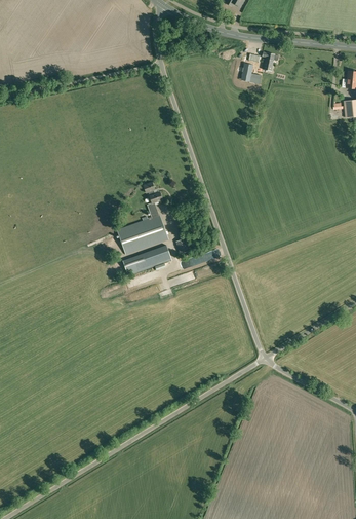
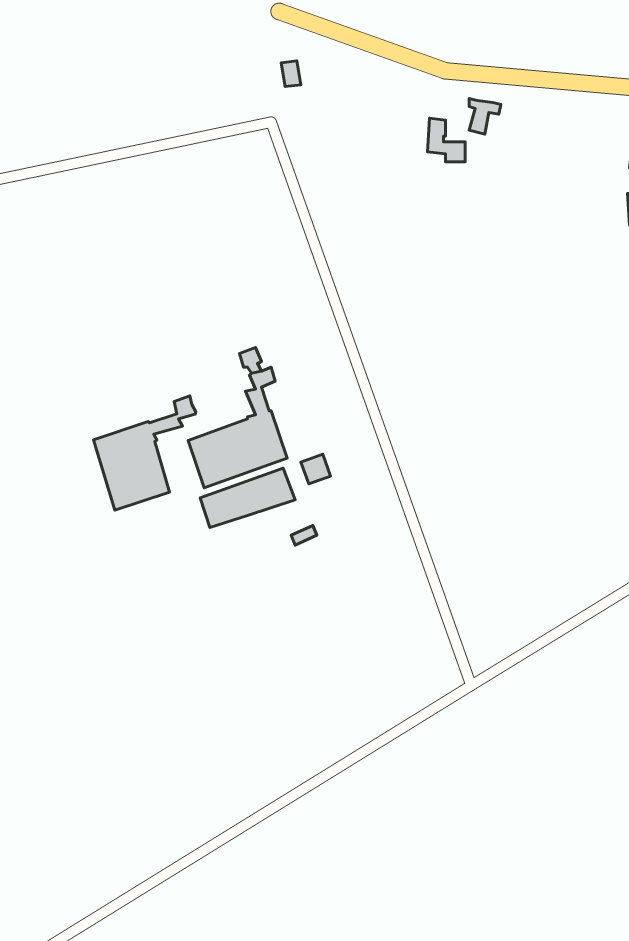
building: none -> [94,396,196,510]

